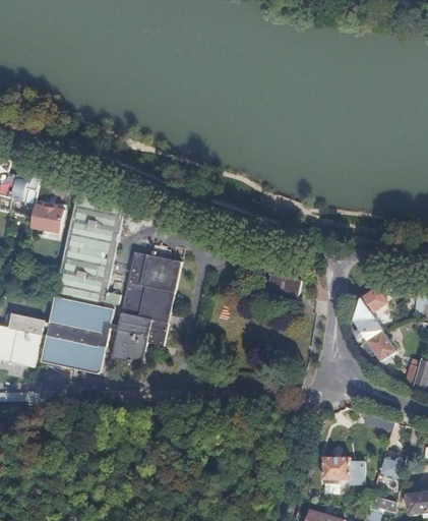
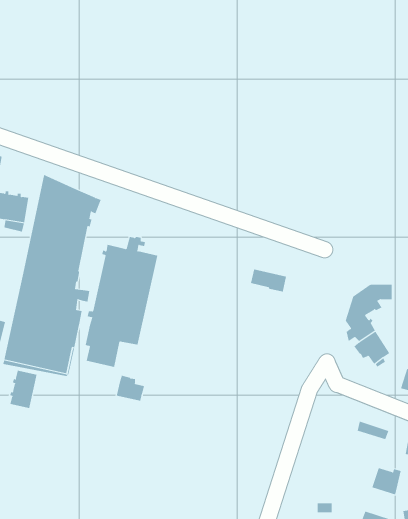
building: none -> [10,370,37,409]
building: none -> [116,375,145,401]
building: [322,457,363,483] -> none

